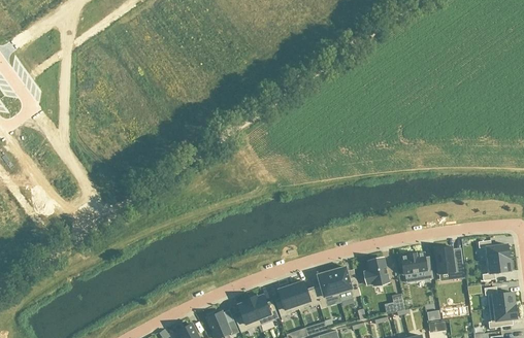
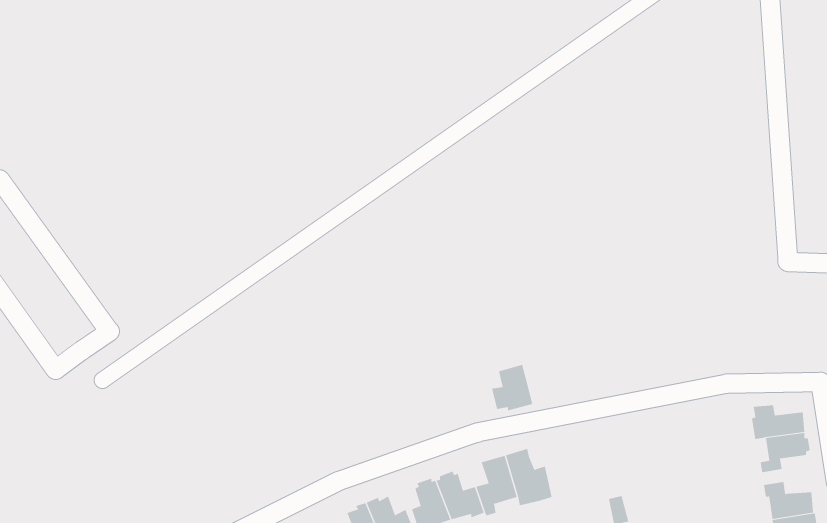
building: [435,246,464,279] -> none
building: [398,251,432,279] -> none
building: [365,257,390,284] -> [491,364,533,411]

